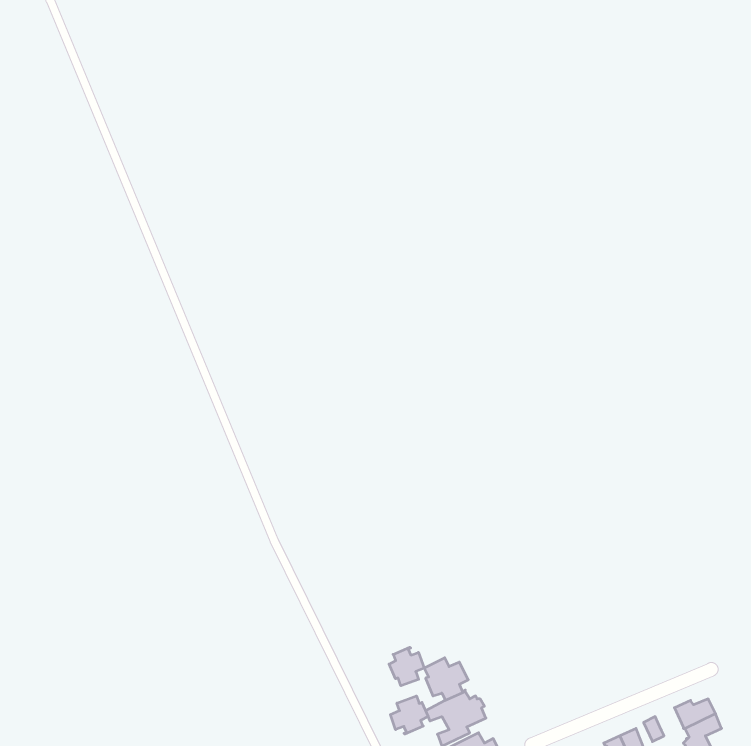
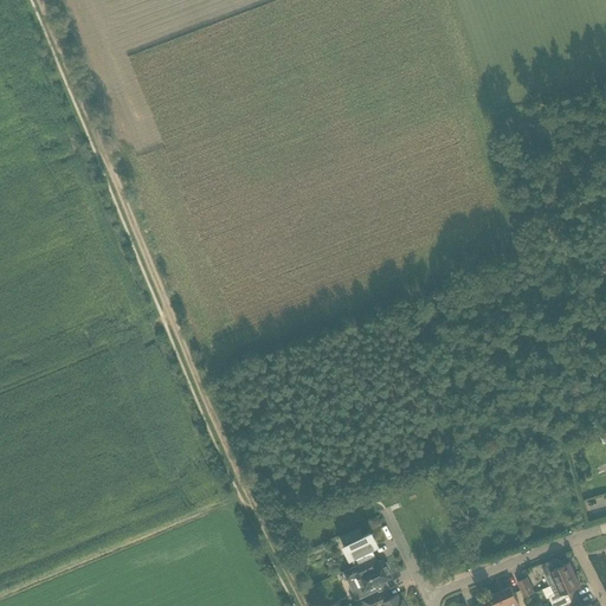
building: [389,647,424,686] -> none
building: [390,696,428,734] -> none

